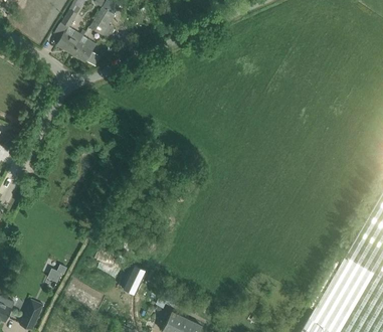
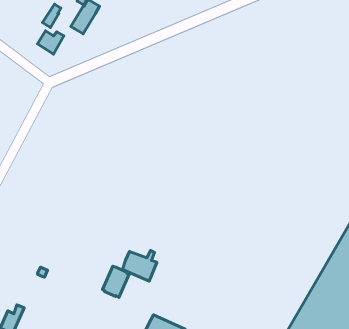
building: [72,36,100,65] -> none
building: none -> [122,251,157,281]

